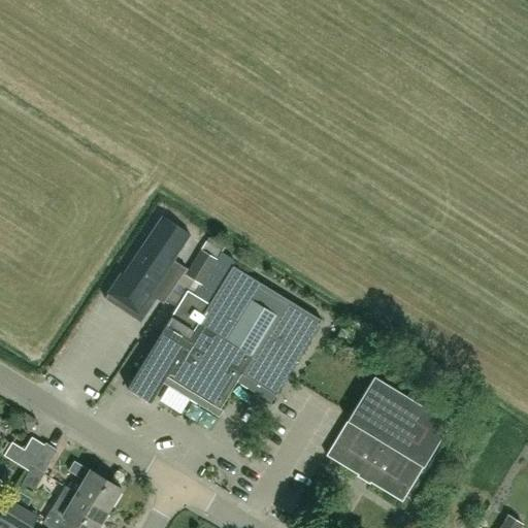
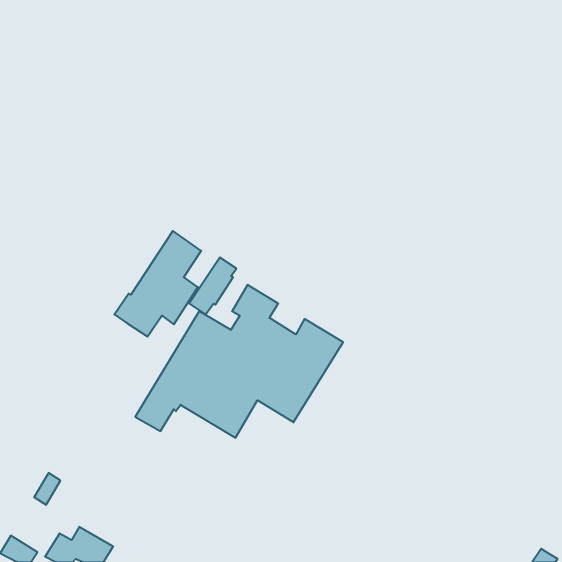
building: [328,378,451,503] -> none
building: [4,437,44,471] -> none
building: [68,462,121,513] -> none

